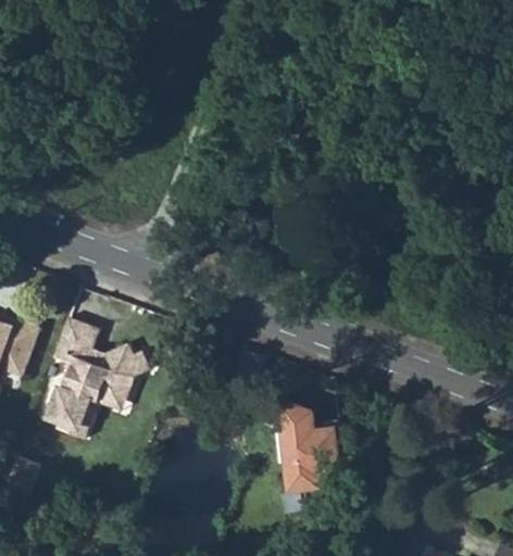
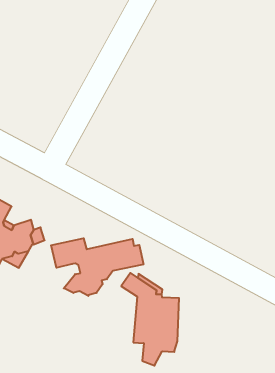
building: none -> [51,238,143,296]

